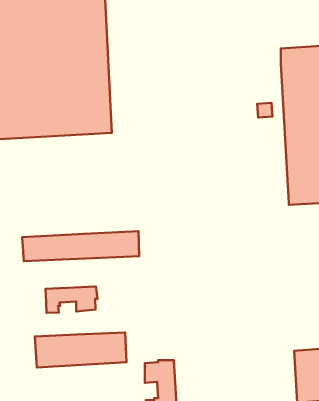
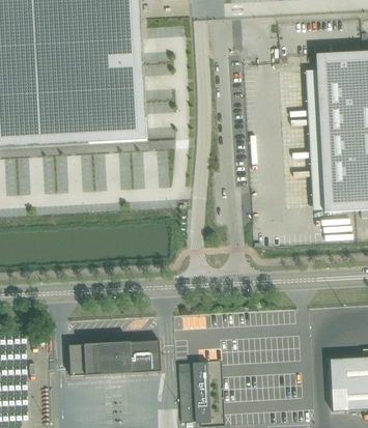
building: [22,231,139,261] -> none
building: [46,287,97,313] -> none

